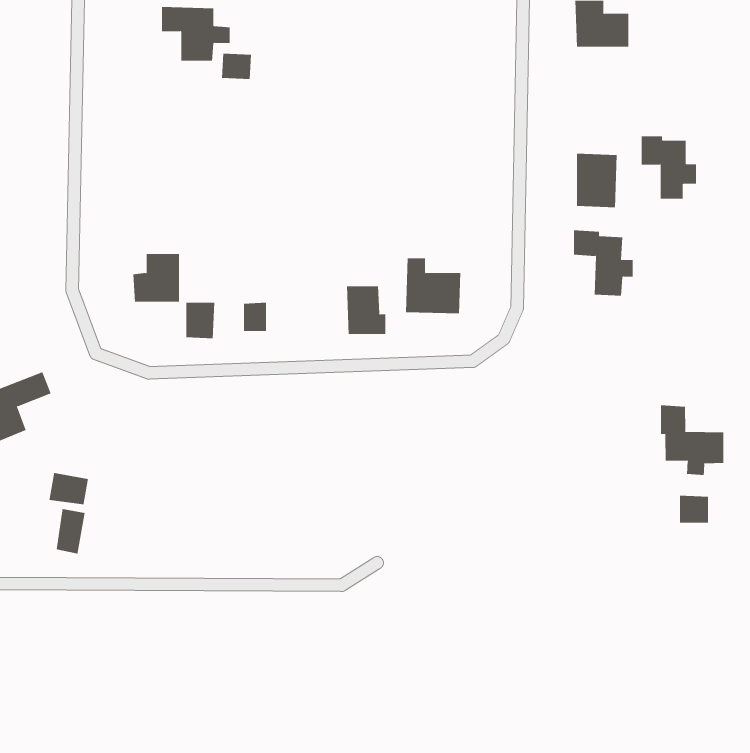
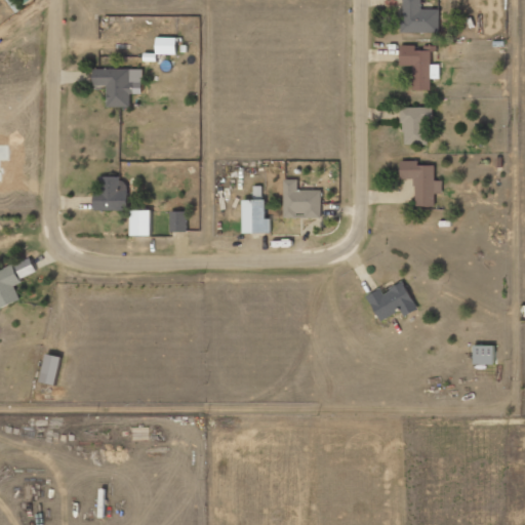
building: [161,7,230,61] -> [92,69,140,107]
building: [641,136,697,199] -> [399,45,438,89]
building: [661,405,724,476] -> none
building: none -> [365,282,416,321]
building: [49,472,89,505] -> none

